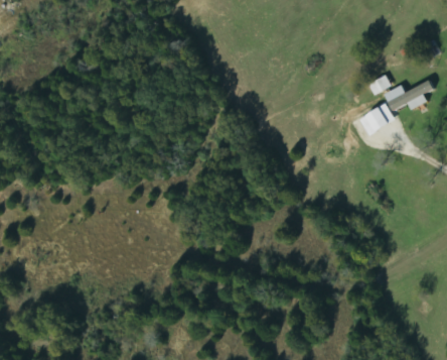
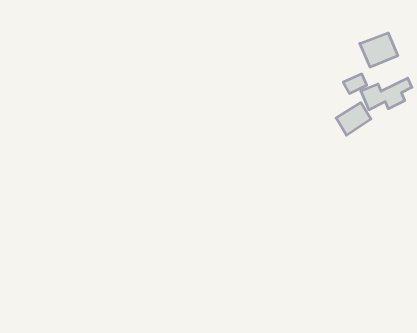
building: none -> [360,33,398,67]

